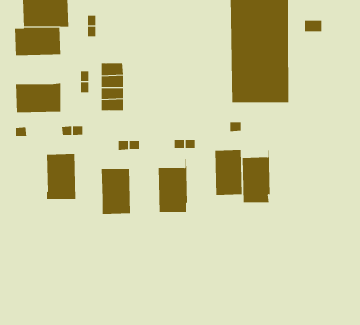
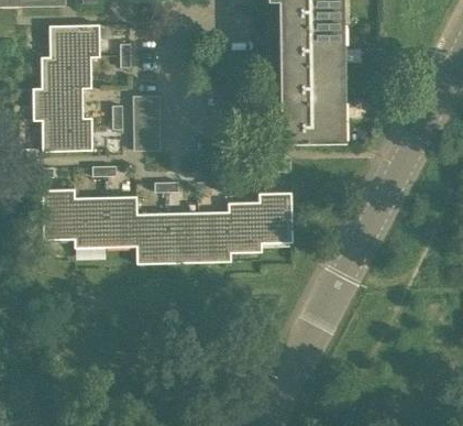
building: none -> [33,88,84,120]
building: none -> [43,188,77,239]
building: [242,150,271,203] -> [231,194,263,252]
building: none -> [108,196,137,248]
building: none -> [168,212,200,263]

